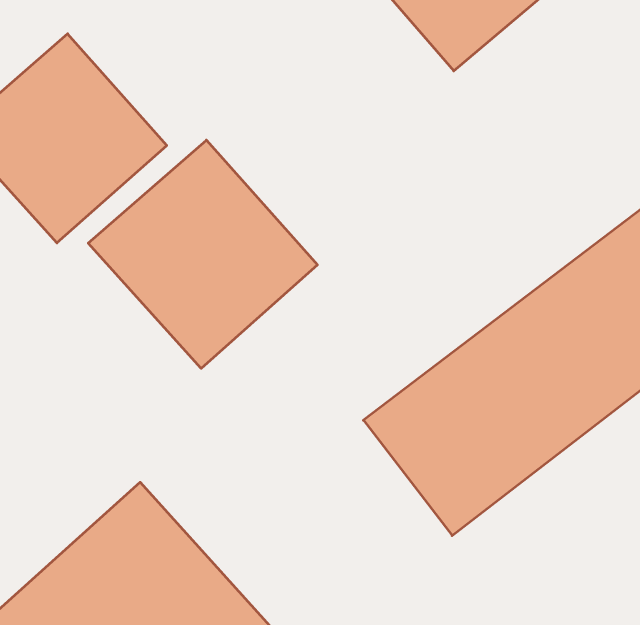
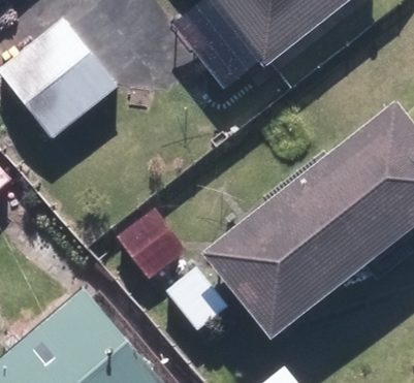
building: [88,140,317,368] -> none

